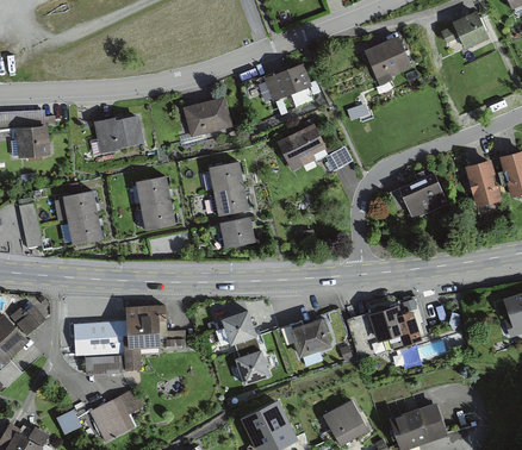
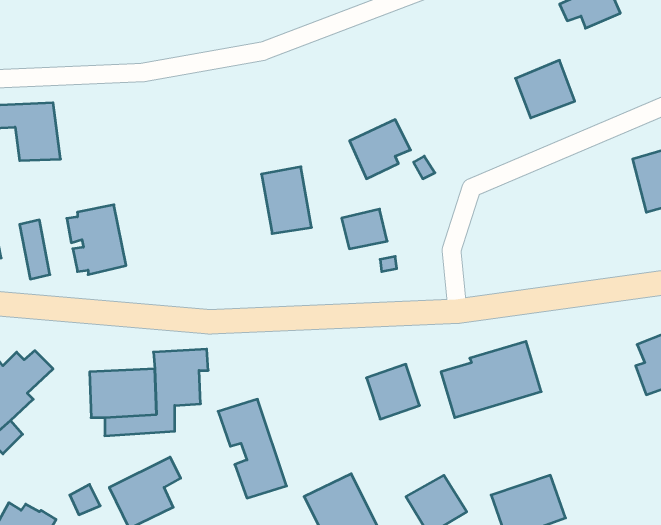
building: [365,37,411,82] -> [515,60,575,118]
building: [265,63,311,101] -> none
building: [182,96,234,137] -> none
building: [94,114,144,152] -> none
building: [464,160,501,207] -> none
building: [135,174,175,229] -> none
building: [398,175,447,220] -> none
building: [219,215,255,246] -> [342,209,387,249]
building: [218,310,272,387] -> [218,399,287,498]

